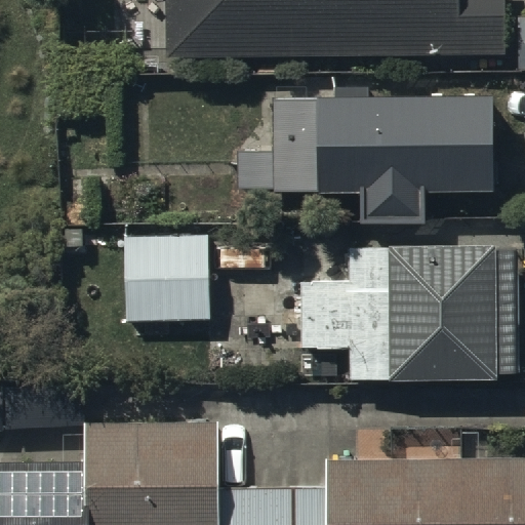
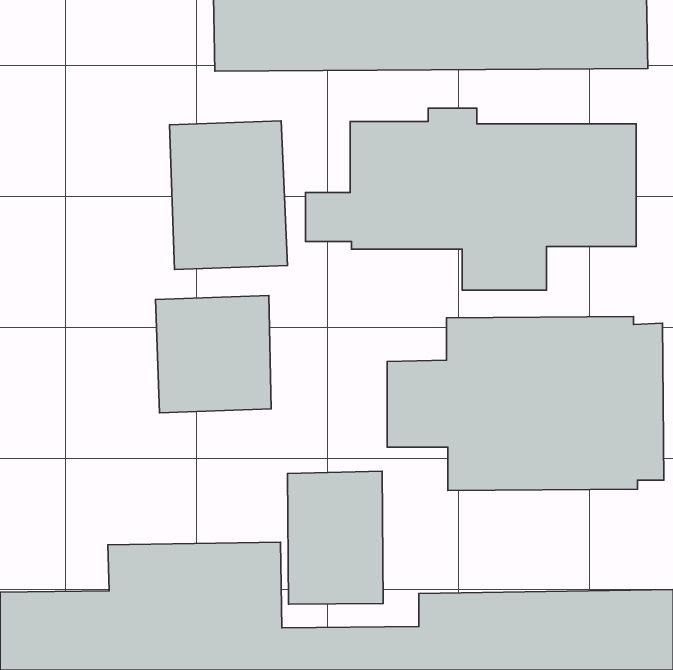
building: none -> [170,121,287,269]
building: none -> [288,471,383,604]

